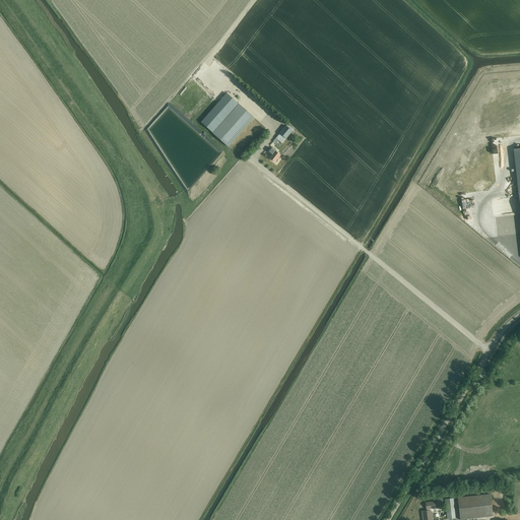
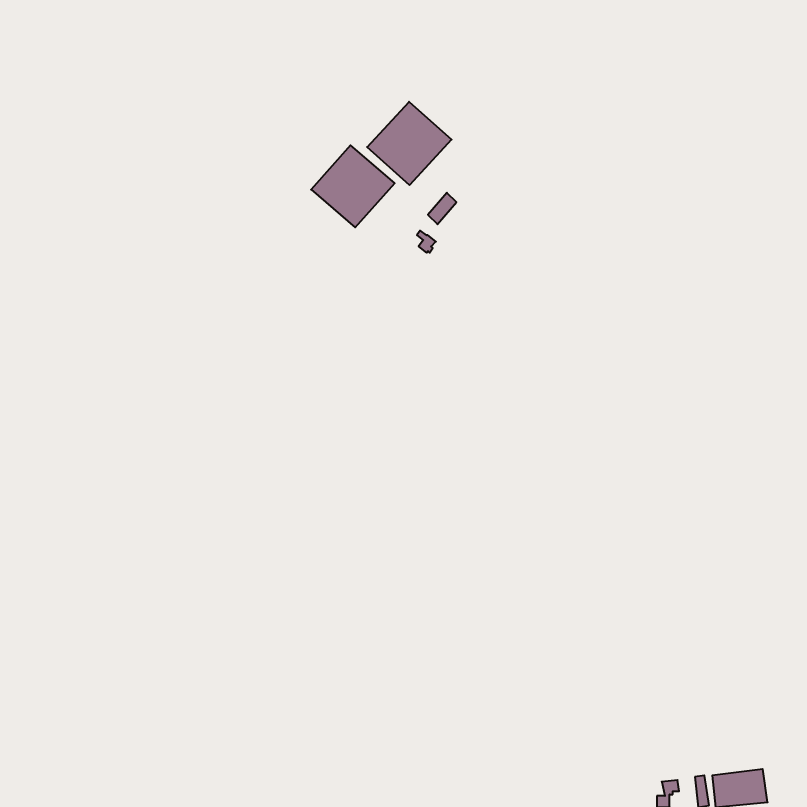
building: none -> [367,102,452,185]

